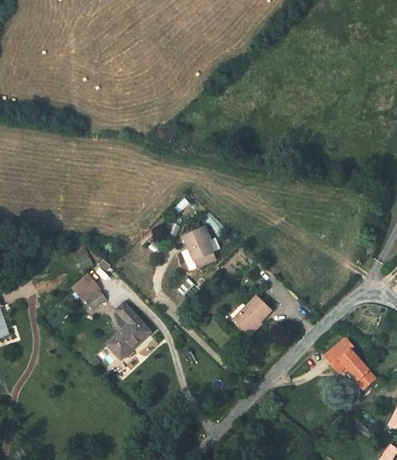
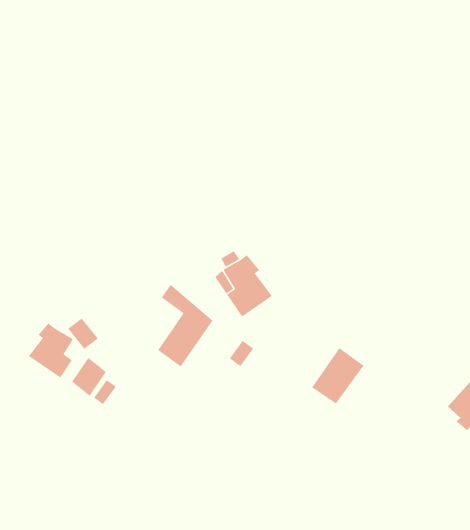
building: none -> [28,322,74,379]
building: [107,302,148,359] -> [157,284,214,368]

